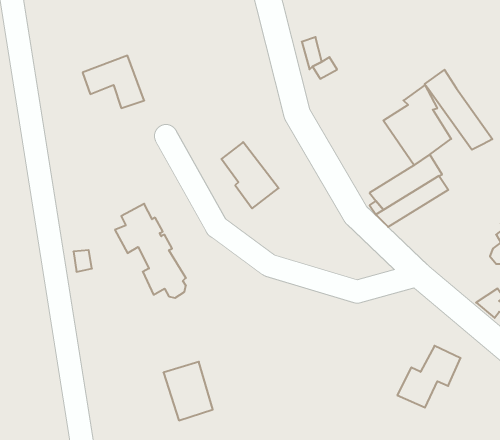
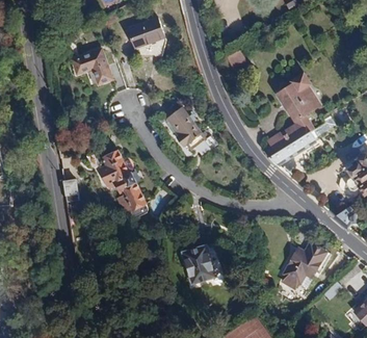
building: none -> [129,19,166,49]
building: [425,70,492,150] -> none
building: [163,362,213,420] -> [183,244,216,284]

